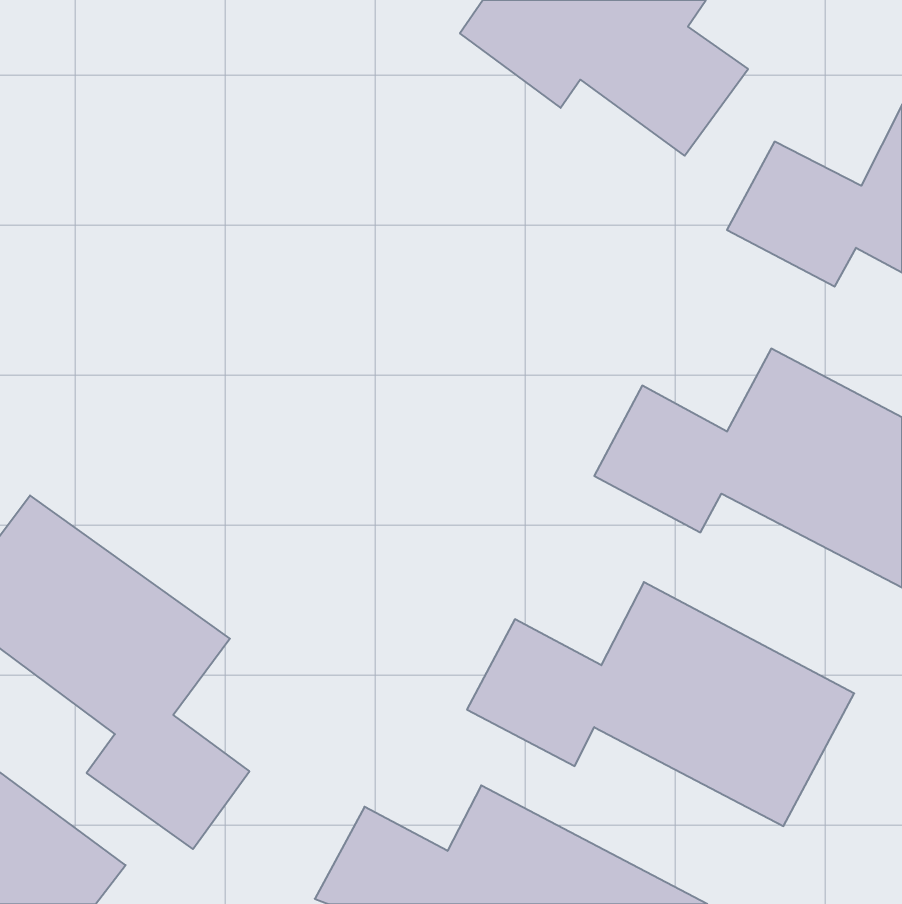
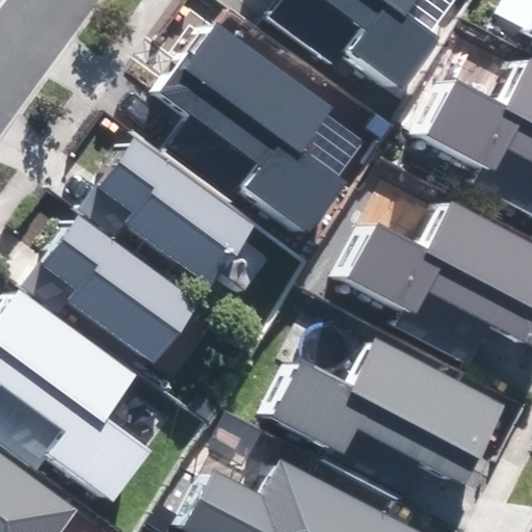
building: none -> [165,25,374,230]
building: none -> [101,141,255,287]
building: none -> [44,215,196,362]

